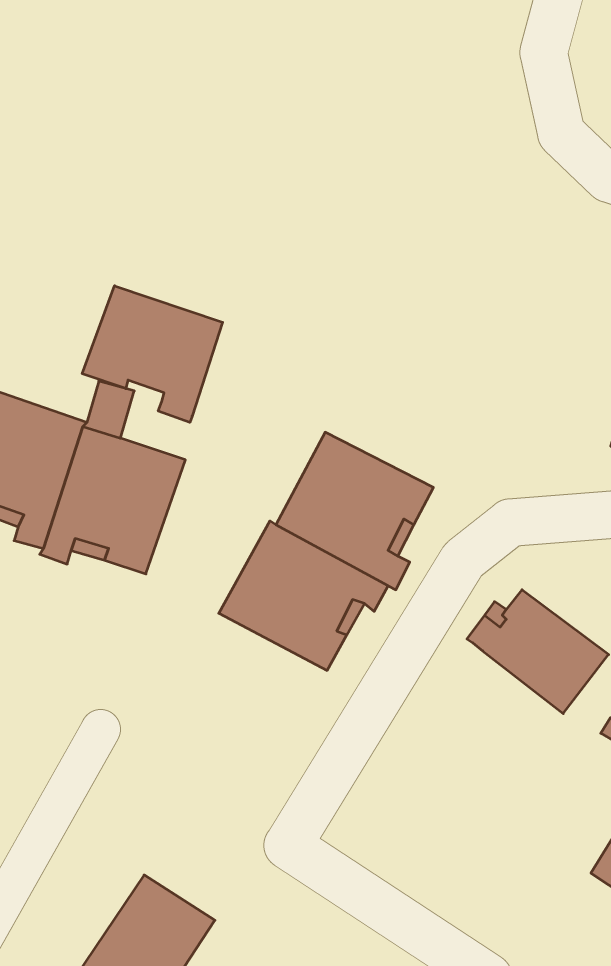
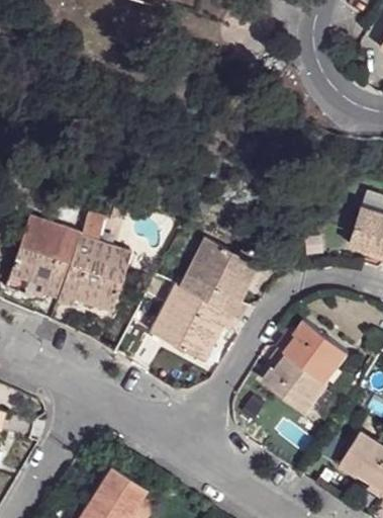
building: [82,286,223,422] -> none
building: none -> [263,347,327,414]

